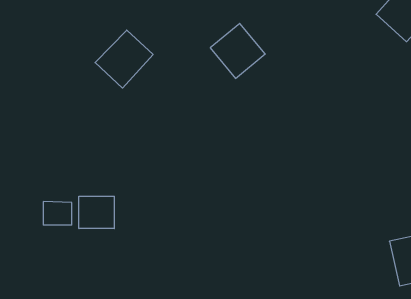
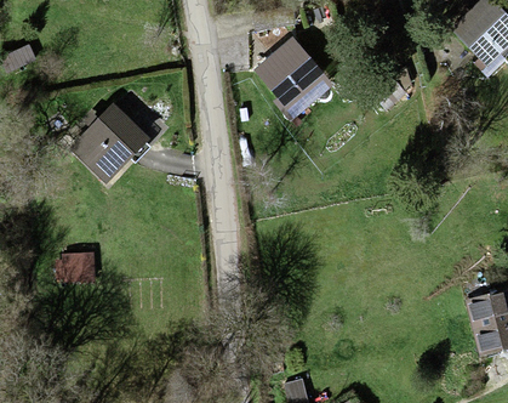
building: [95,30,153,88] -> [74,107,143,176]
building: [79,196,114,229] -> none

